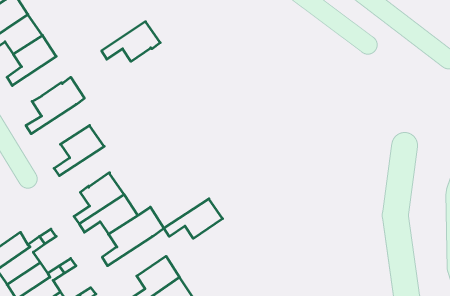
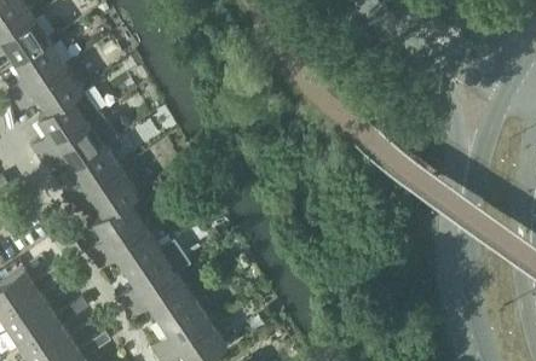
building: [102,22,160,61] -> [16,66,83,112]
building: none -> [38,122,105,168]
building: none -> [70,170,139,217]
building: [164,199,223,238] -> [126,274,194,320]

